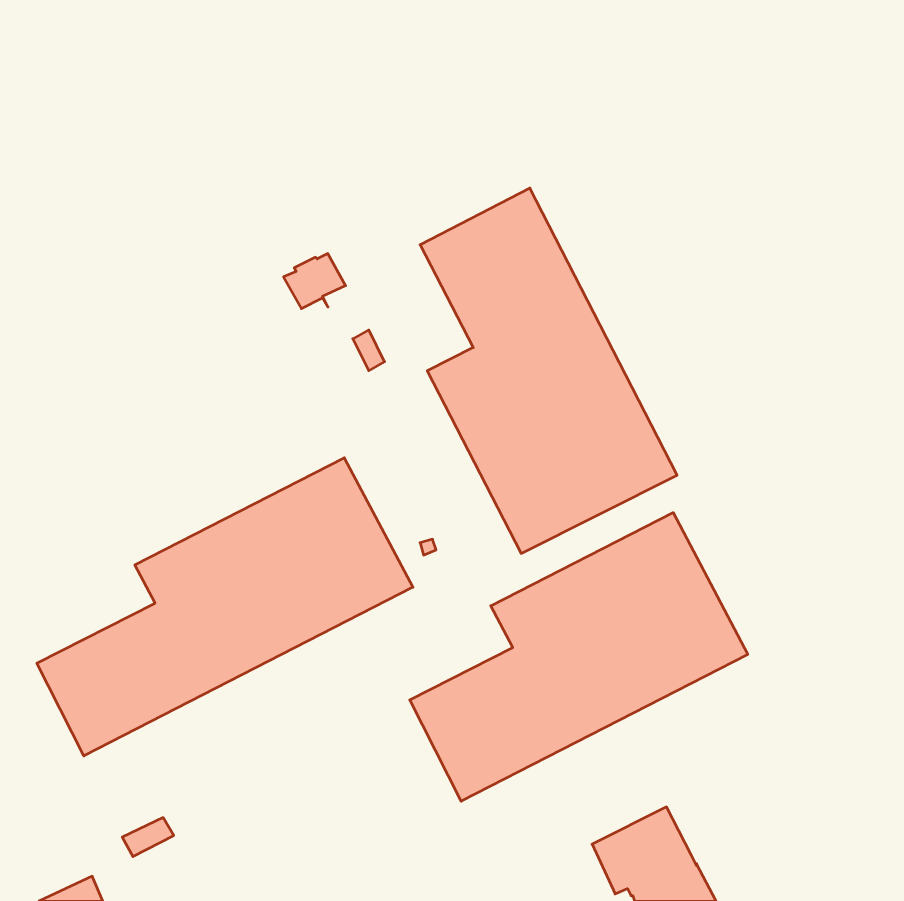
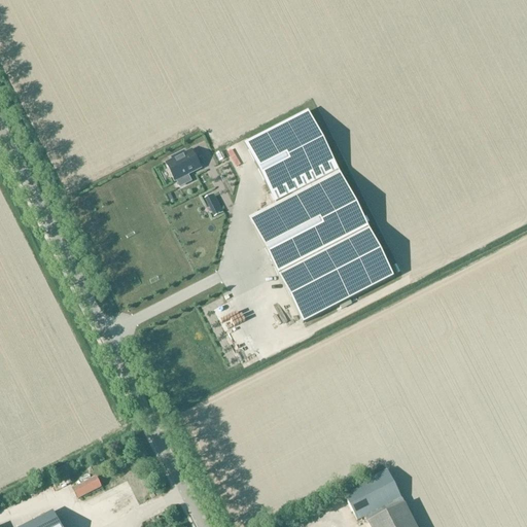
building: [37,458,413,756] -> none
building: [410,513,748,801] -> none

